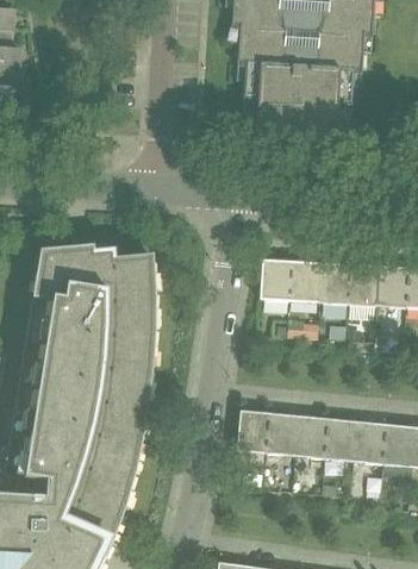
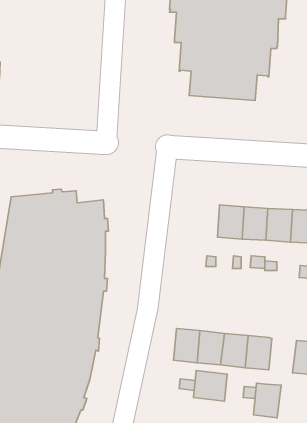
building: [261,260,293,300] -> none
building: [353,423,386,464] -> [253,383,281,418]
building: none -> [193,370,227,401]

